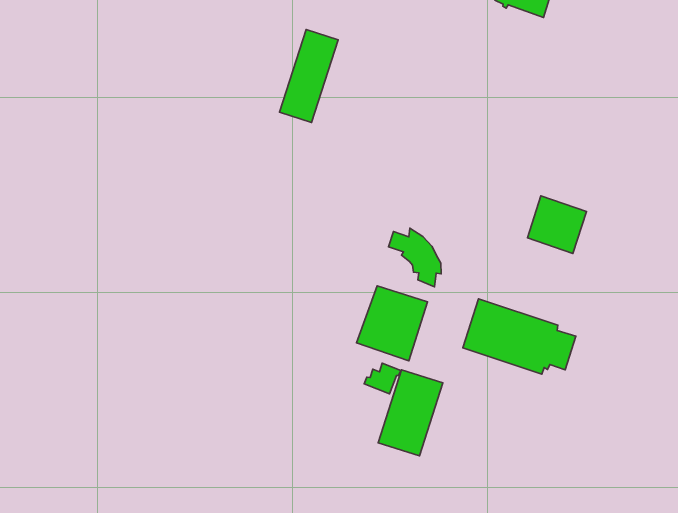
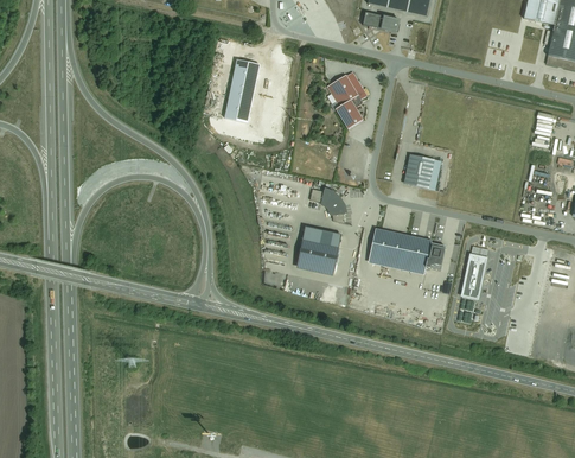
building: none -> [326,71,368,128]
building: none -> [460,244,488,299]
building: [378,370,443,456] -> none

